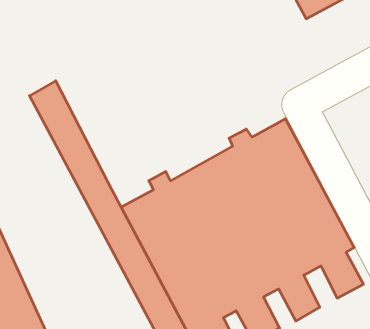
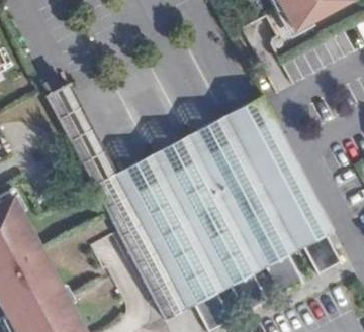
building: none -> [117,94,273,195]

